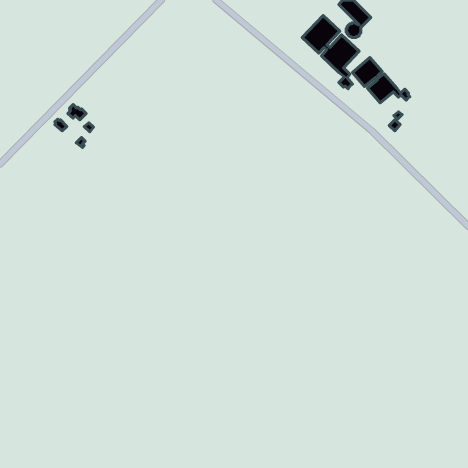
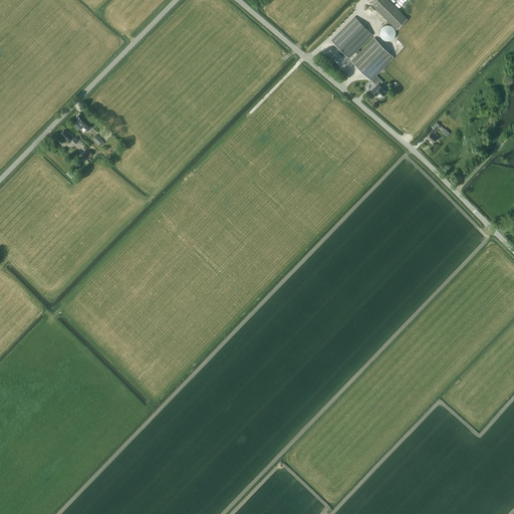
building: [352,57,410,103] -> none

